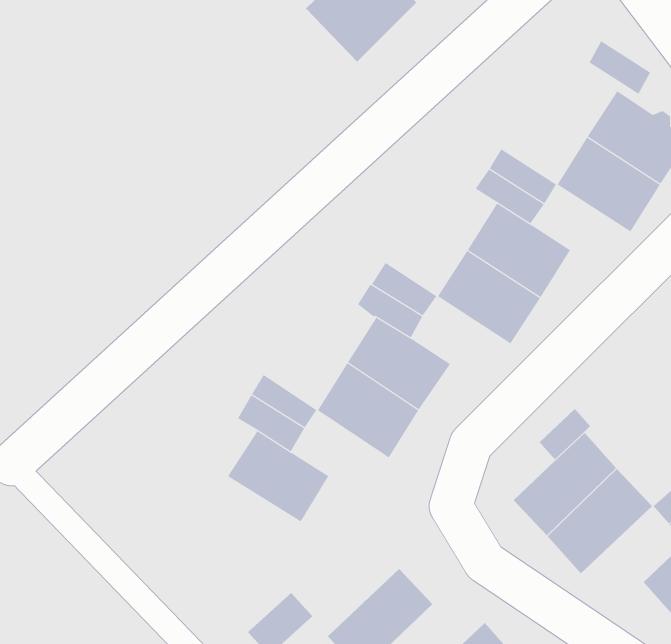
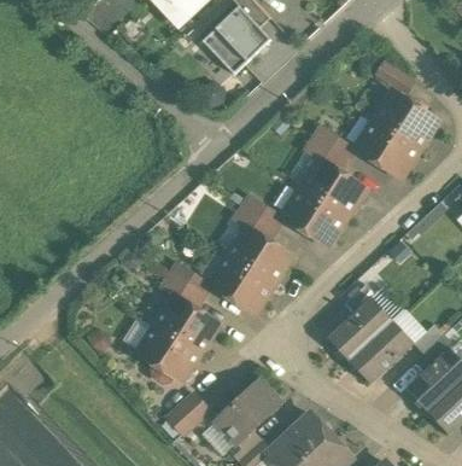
building: none -> [136,324,200,380]

